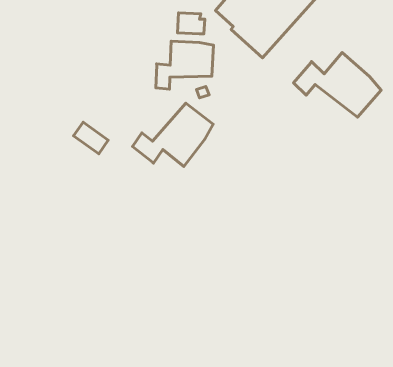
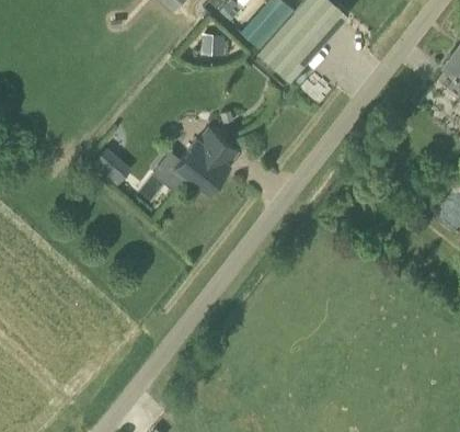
building: [156,41,213,89] -> none
building: [294,52,381,117] -> none

